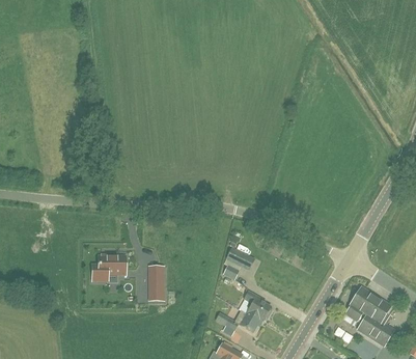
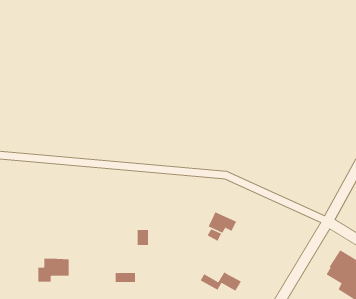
building: [92,256,126,281] -> [38,258,70,282]
building: [244,292,272,322] -> none

